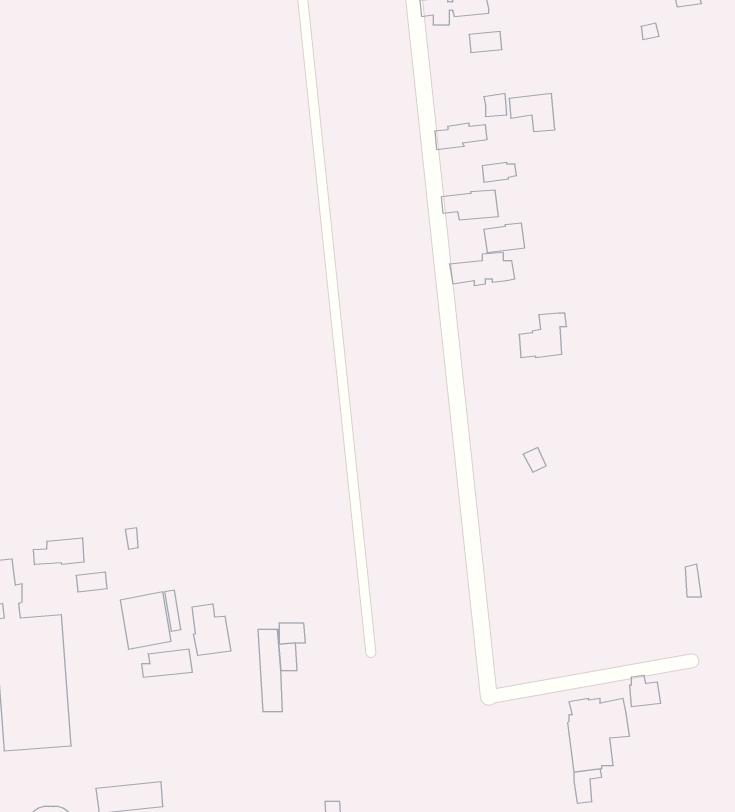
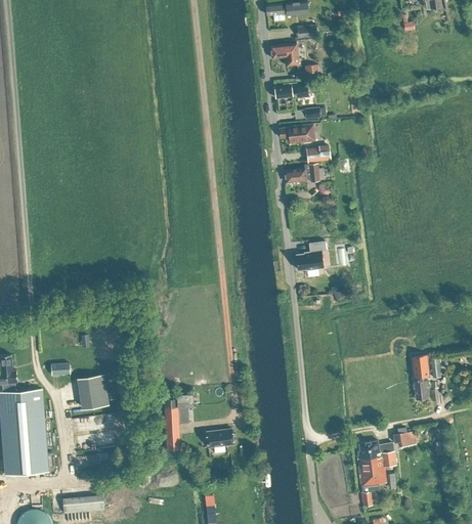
building: [509,94,555,131] -> [270,44,299,68]
building: [519,313,567,358] -> [296,243,326,270]
building: [33,538,84,565] -> none
building: none -> [411,355,429,400]
building: [192,604,231,656] -> none
building: none -> [205,430,232,447]

